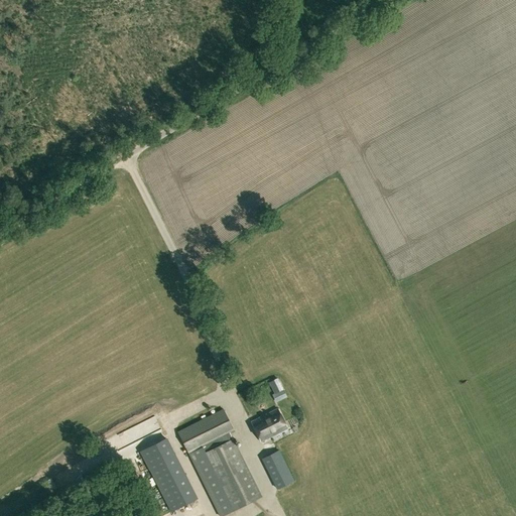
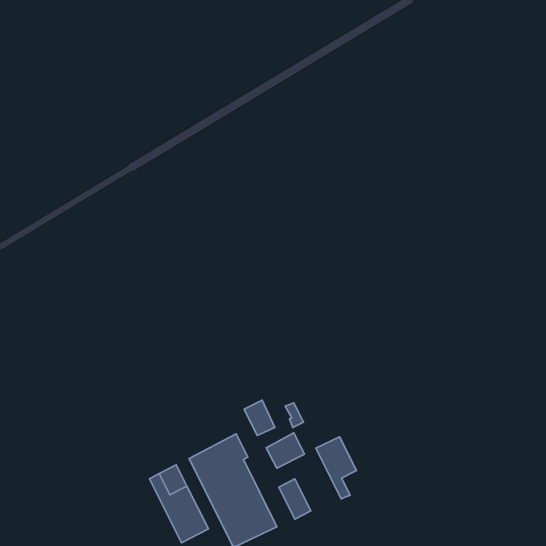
building: none -> [244,400,275,436]
building: none -> [316,437,357,499]

